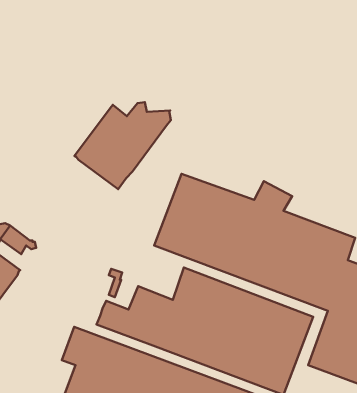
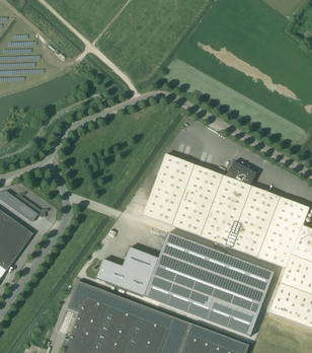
building: [75,102,171,189] -> none

